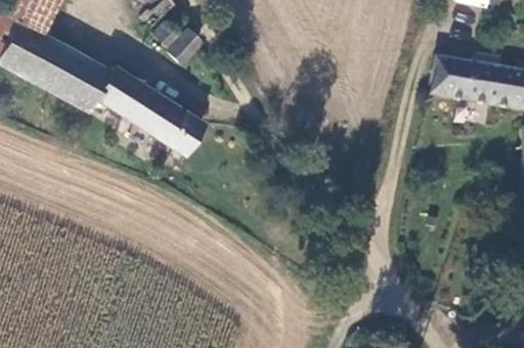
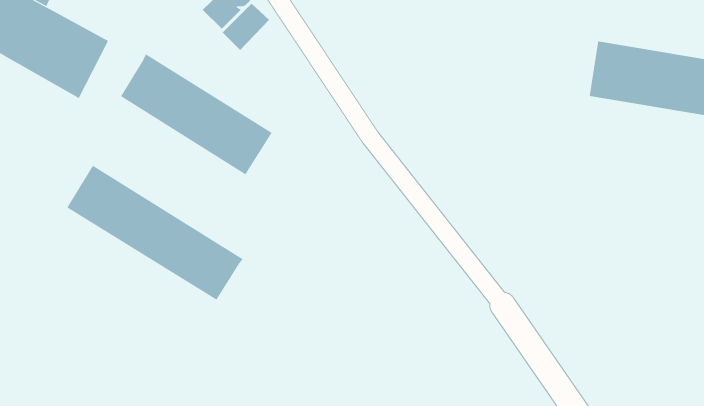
building: [66,57,112,112] -> none
building: none -> [67,165,244,300]

